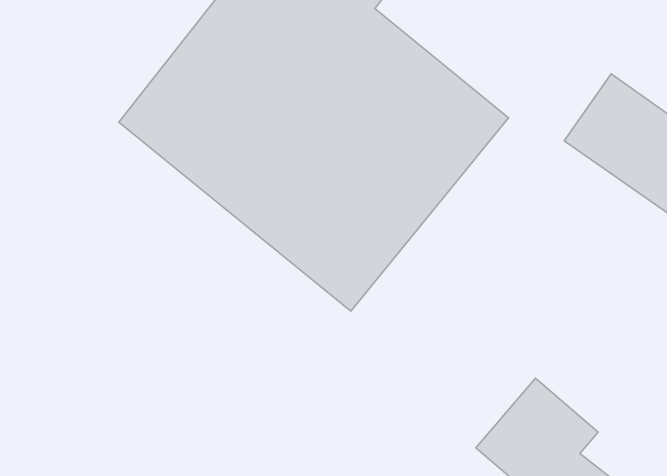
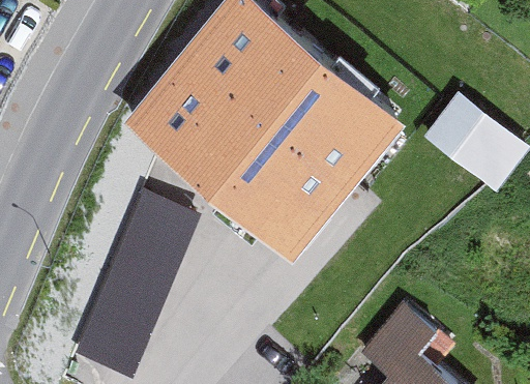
building: none -> [81,186,204,374]

